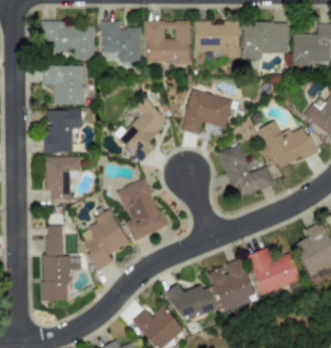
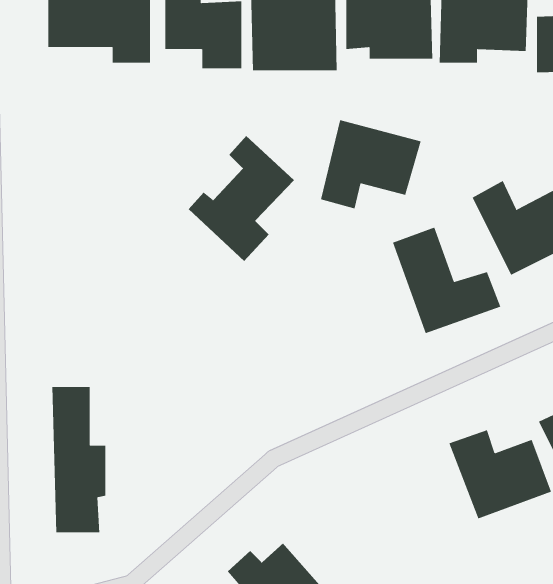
building: [43,66,84,105] -> none
building: [45,110,82,153] -> none
building: [45,157,80,204] -> none
building: [117,180,170,242] -> none
building: [78,210,129,271] -> none
building: [210,259,256,312] -> none
building: [168,285,217,324] -> none

